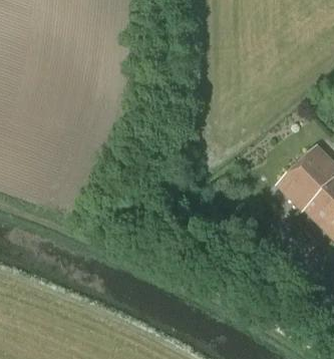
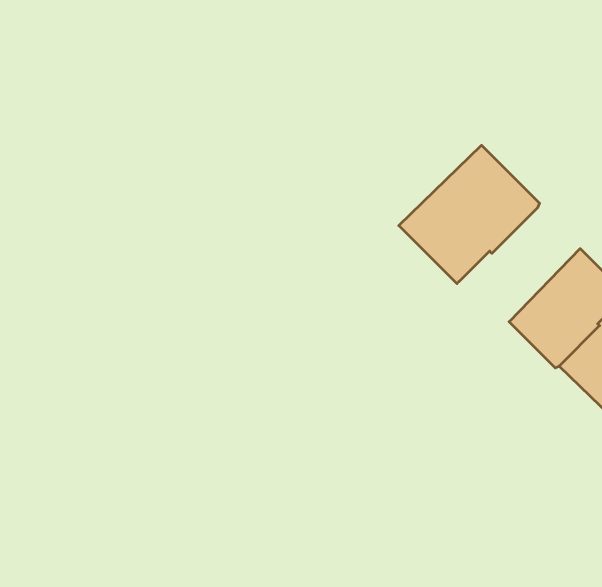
building: none -> [399,145,540,284]

